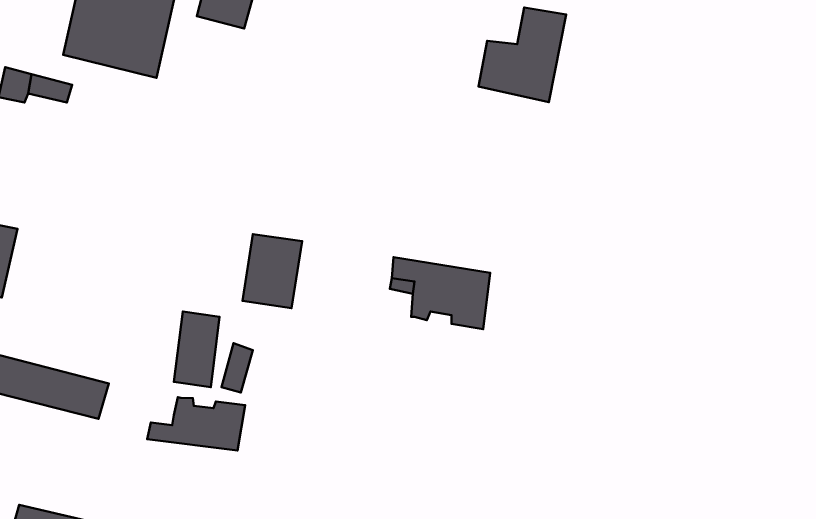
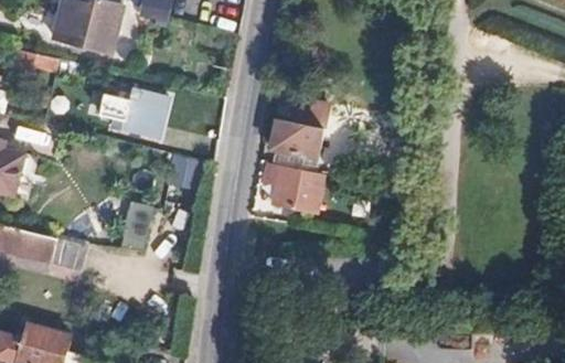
building: [478,7,566,102] -> [270,100,326,160]
building: none -> [108,88,166,136]
building: [147,397,245,450] -> none

